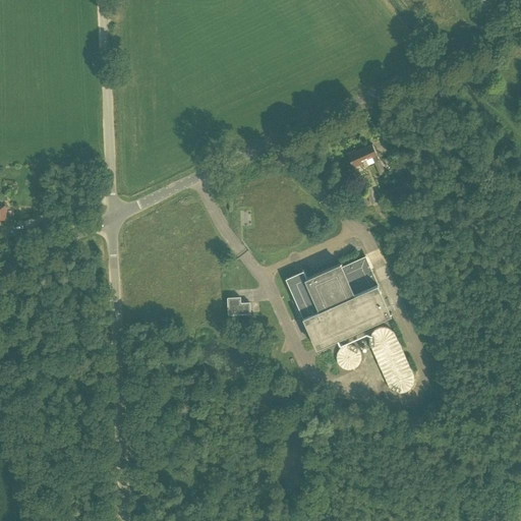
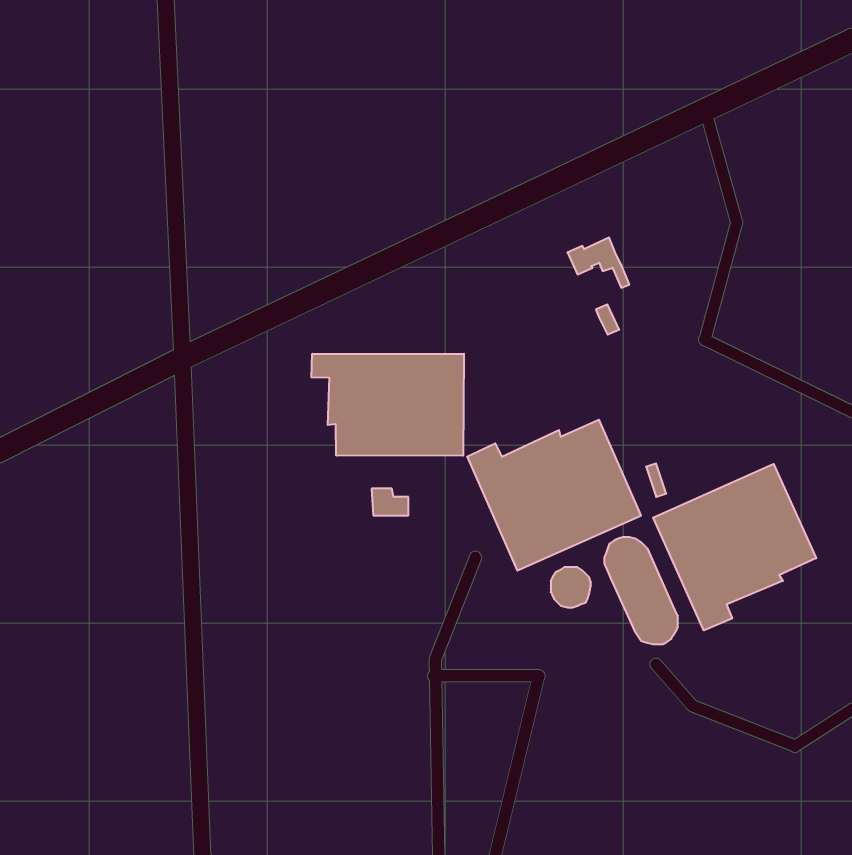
building: none -> [311,354,464,456]
building: none -> [653,464,816,630]

